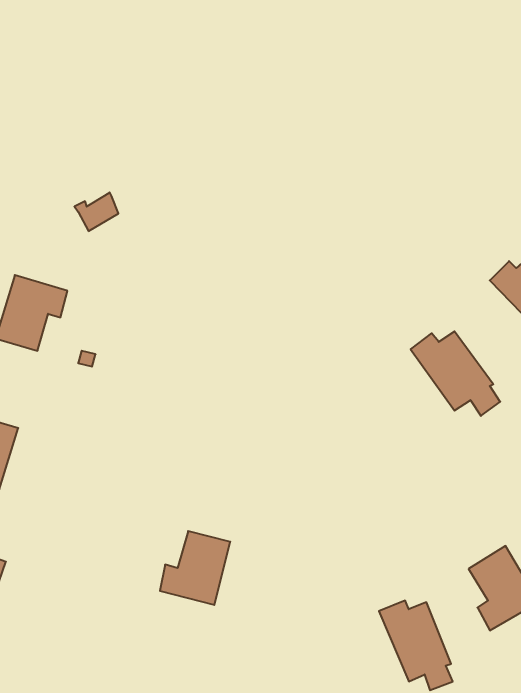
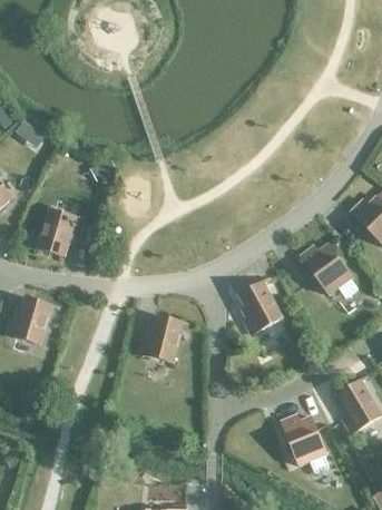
building: none -> [237,282,282,334]
building: [160,531,230,605] -> [138,315,183,362]

